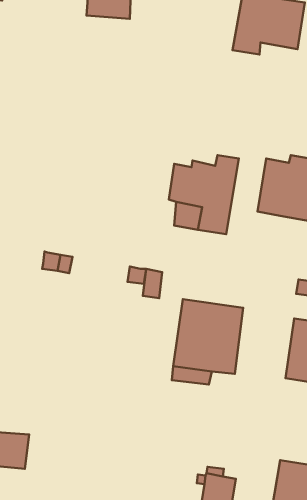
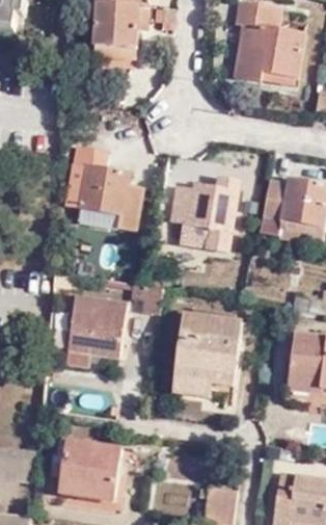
building: none -> [72,146,141,234]
building: none -> [69,296,126,357]
building: none -> [58,437,123,494]

